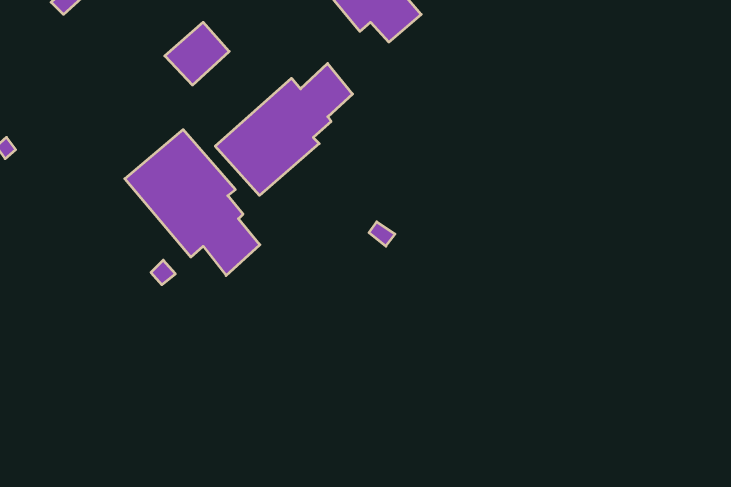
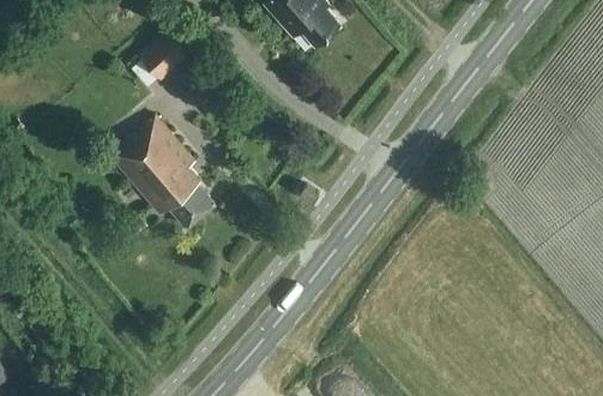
building: [215,63,353,195] -> none

